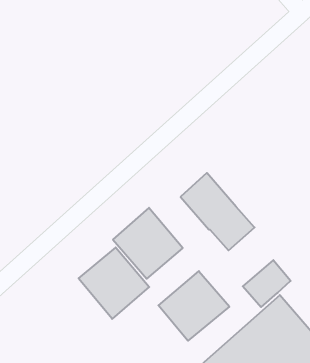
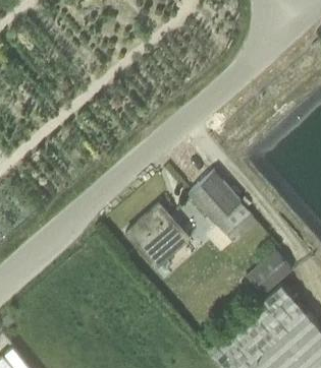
building: [79,247,149,319] -> none
building: [158,271,229,341] -> none

